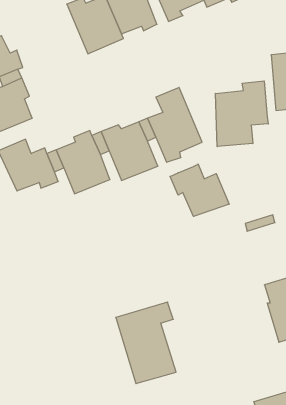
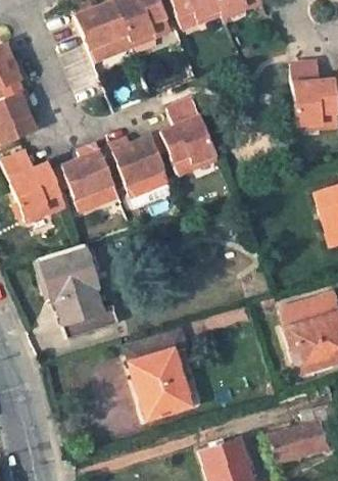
building: [215,81,268,147] -> none
building: [170,164,229,216] -> none
building: none -> [37,241,115,335]

